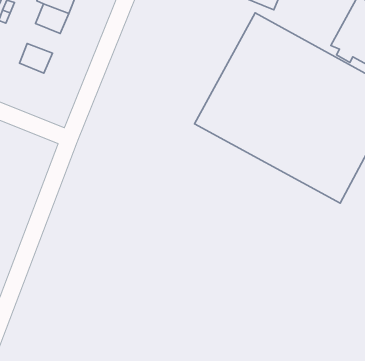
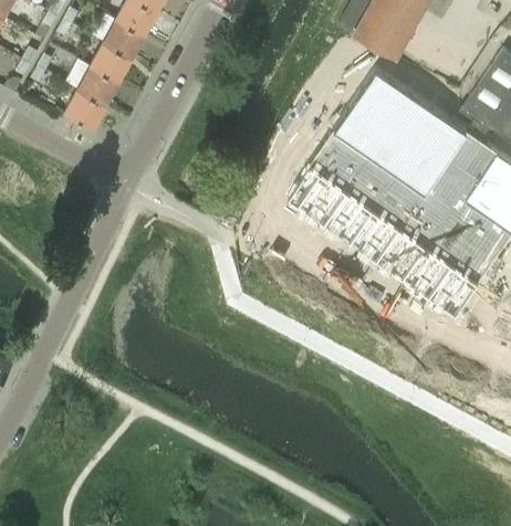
building: none -> [90,43,132,82]
building: none -> [64,90,106,129]

